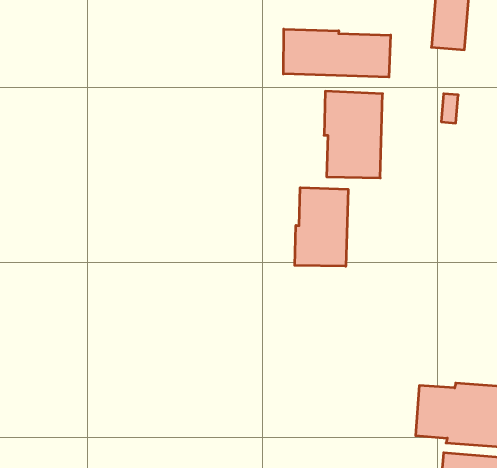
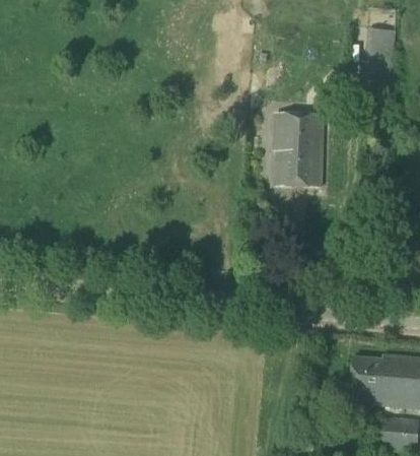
building: [283,29,391,77] -> none
building: [295,188,348,266] -> none

